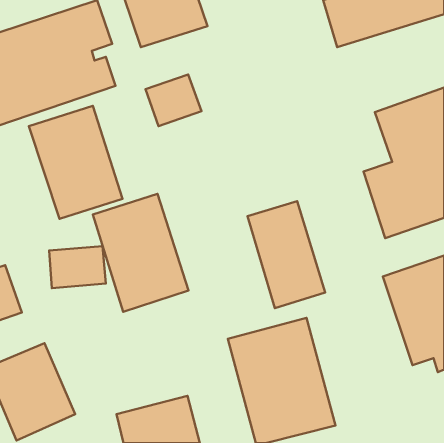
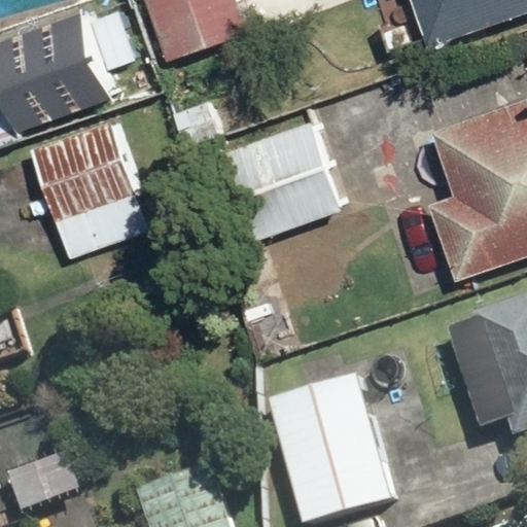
building: none -> [220,119,343,240]
building: [93,194,189,312] -> none
building: [248,201,325,308] -> none

